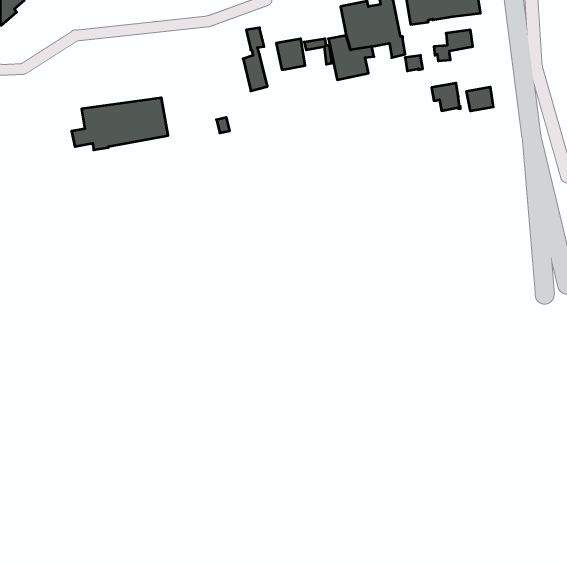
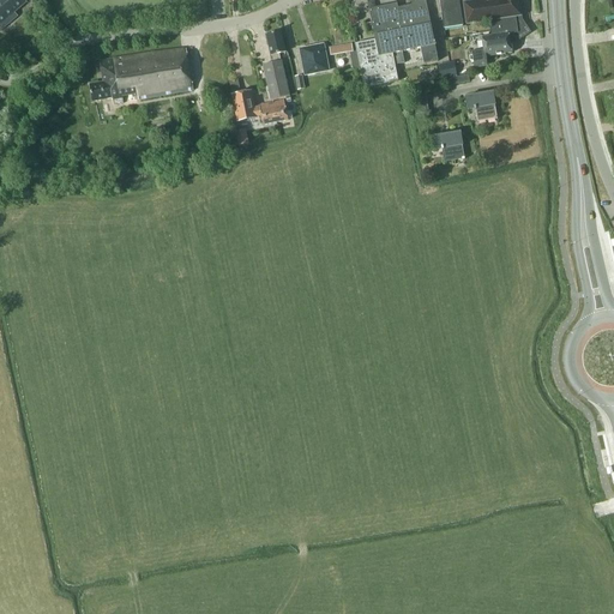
building: none -> [233,90,288,124]
building: [467,87,493,111] -> none
building: [72,98,168,150] -> [89,47,193,103]
building: none -> [433,131,465,159]

